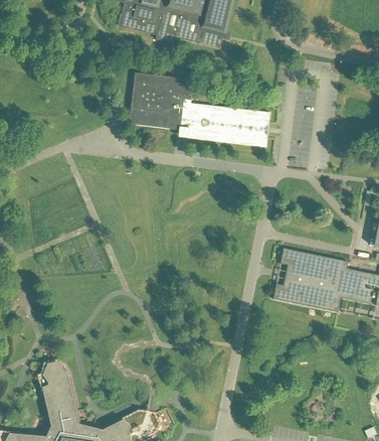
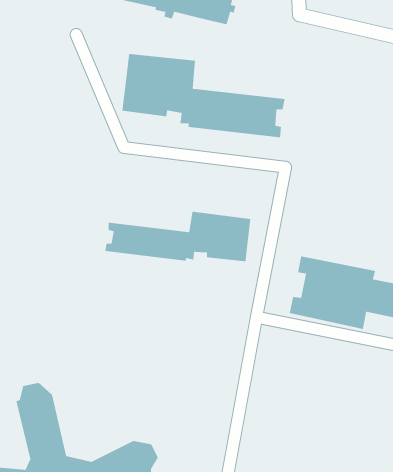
building: none -> [104,211,251,262]

